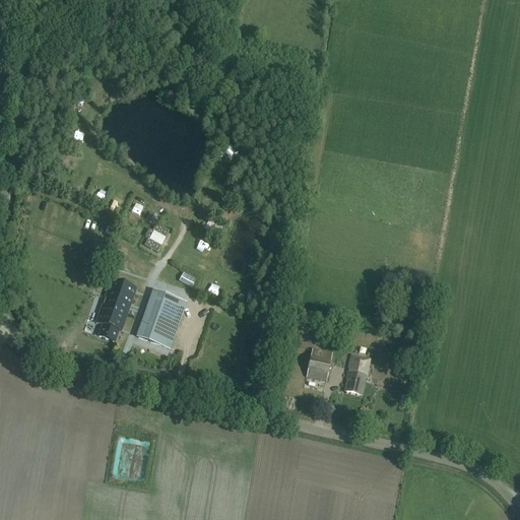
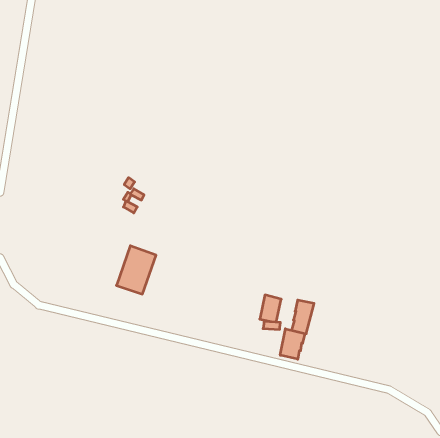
building: [96,278,136,340] -> none
building: none -> [280,329,305,359]

